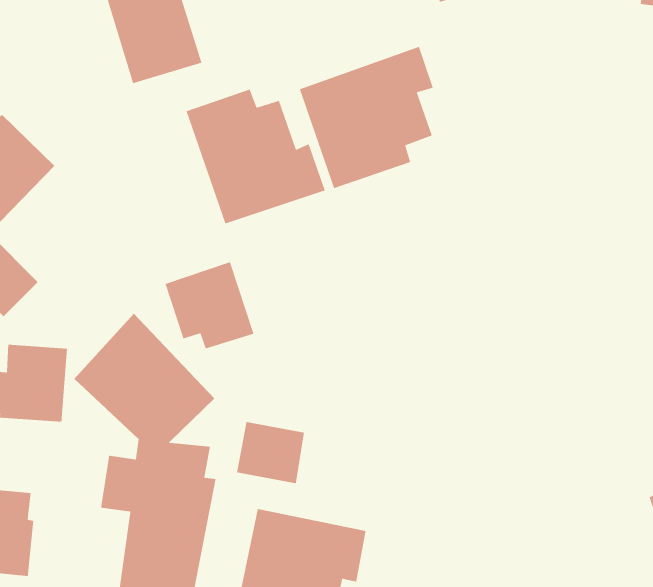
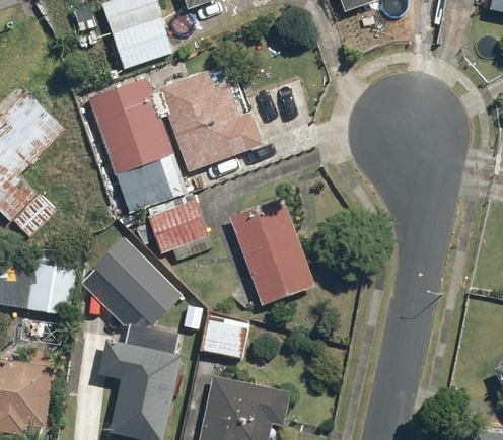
building: [299,46,434,189] -> none
building: none -> [88,79,189,212]
building: none -> [229,198,314,306]

